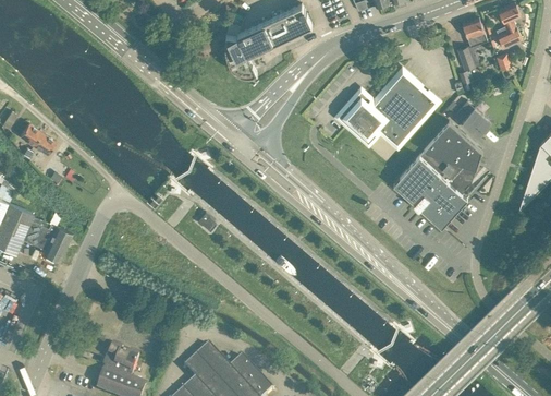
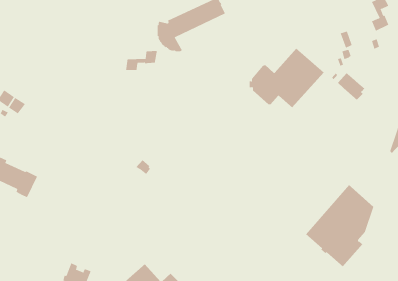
building: [462,17,487,47] -> none
building: none -> [125,50,157,71]
building: [393,121,481,228] -> [305,184,374,267]

